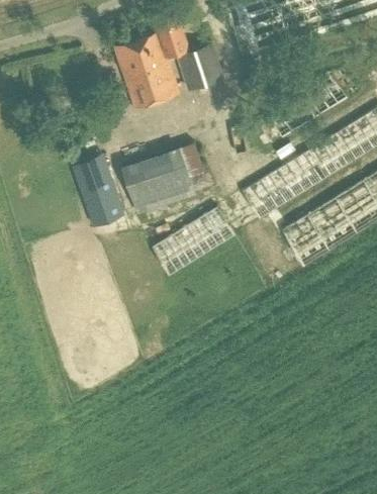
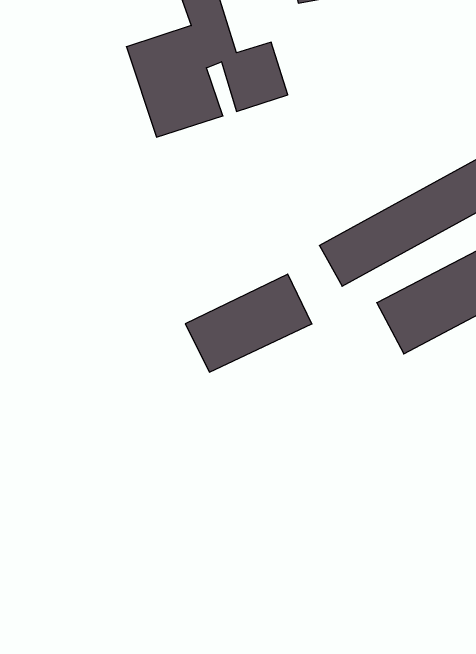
building: [122,147,204,217] -> none
building: [73,161,124,230] -> none

